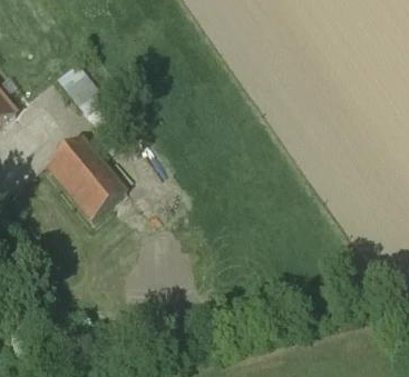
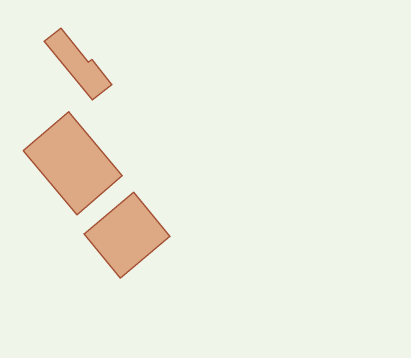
building: none -> [84,192,170,278]

